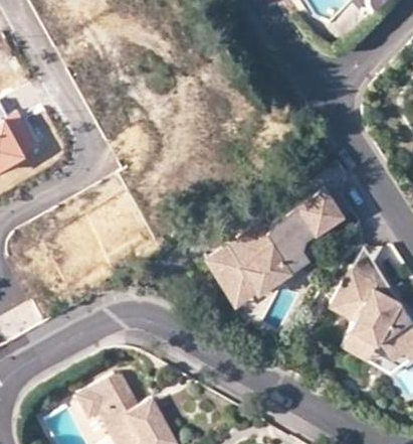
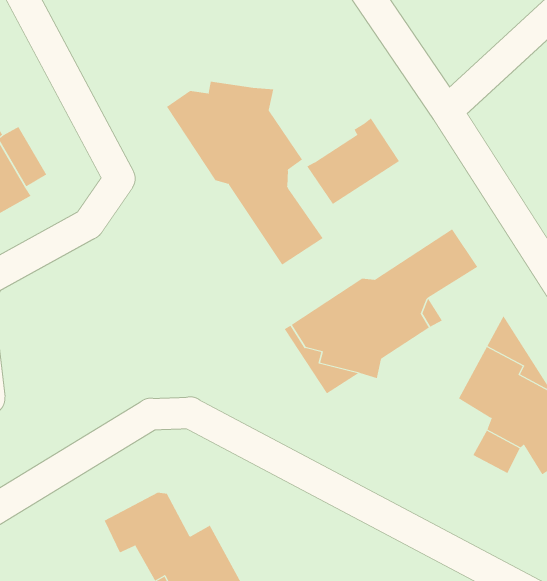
building: none -> [166,81,323,266]
building: none -> [307,118,400,205]

